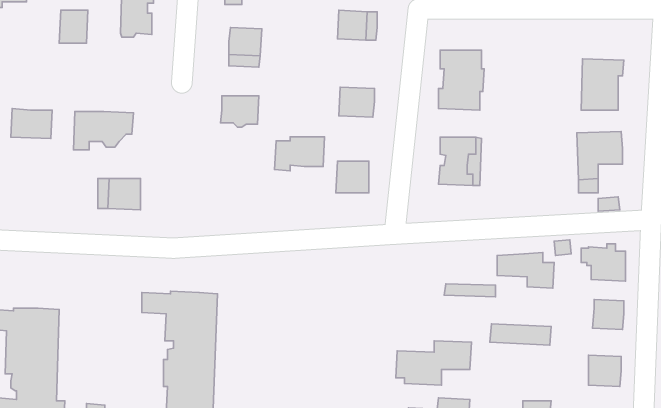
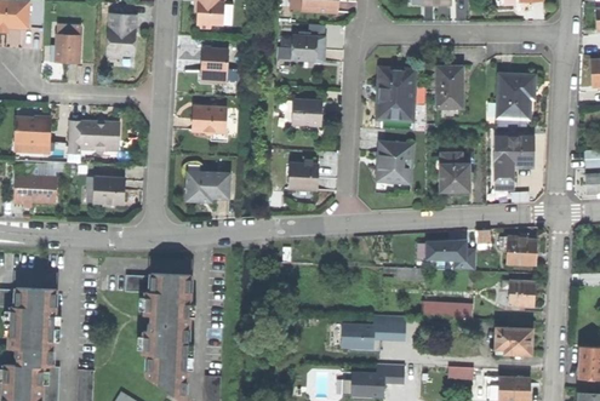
building: none -> [438,67,463,109]
building: [275,137,325,171] -> [187,172,229,201]
building: none -> [439,153,468,190]
building: none -> [15,176,56,204]

